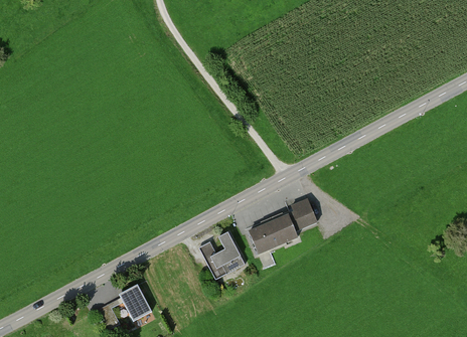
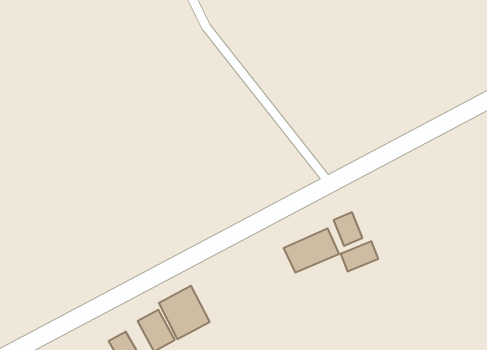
building: none -> [341,241,378,272]
building: [198,232,243,279] -> [159,286,210,339]

